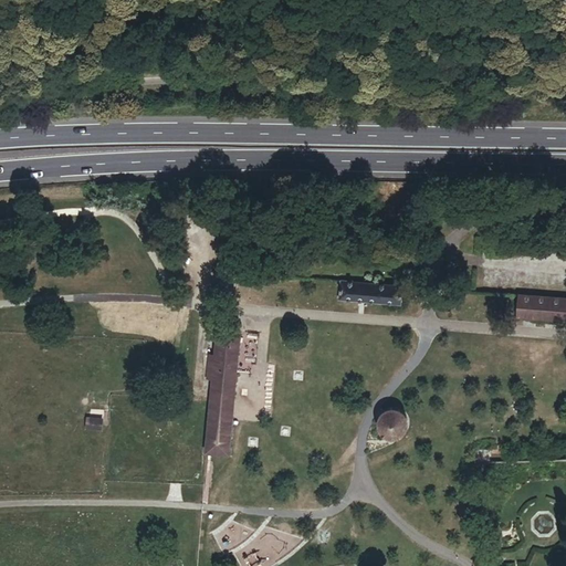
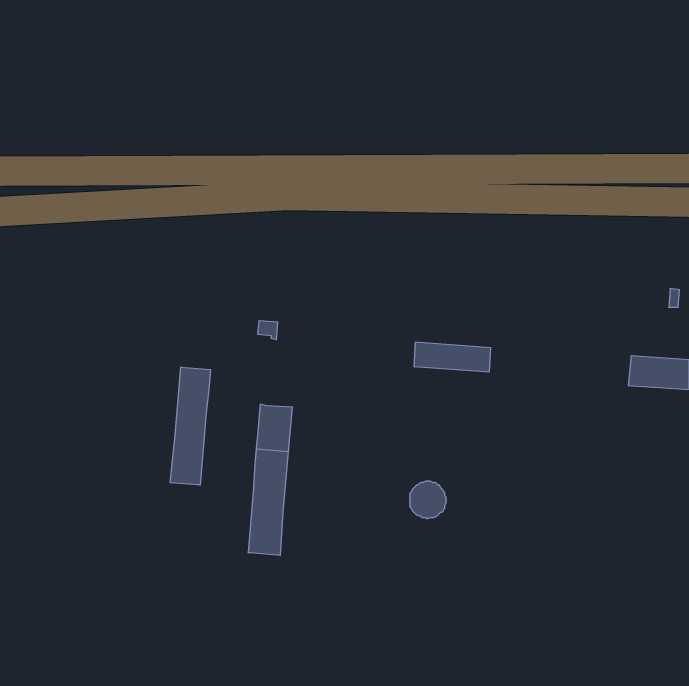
building: none -> [170,367,211,485]
building: [378,408,408,439] -> [410,481,446,519]

